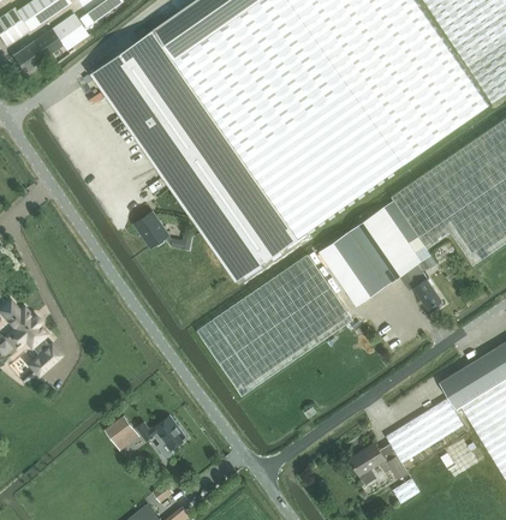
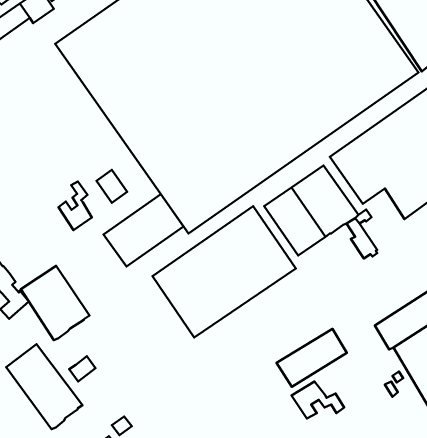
building: none -> [59,181,92,230]
building: none -> [104,194,184,266]
building: none -> [21,266,90,340]
building: [387,399,464,462] -> [277,329,347,387]
building: none -> [6,344,82,429]
building: [138,416,187,450] -> none

